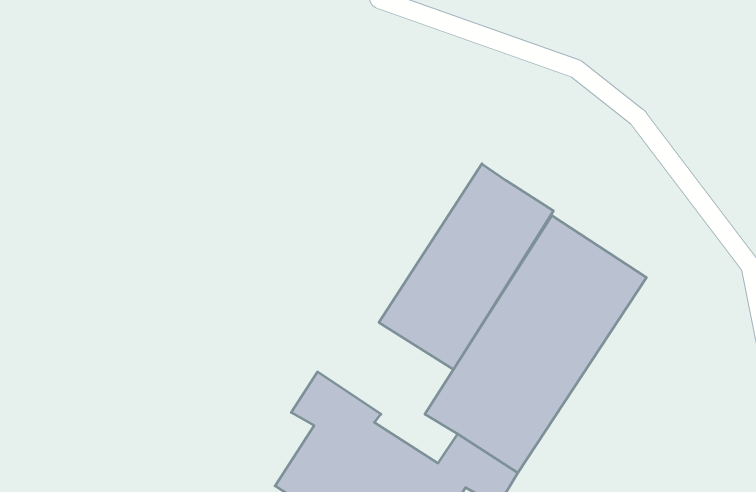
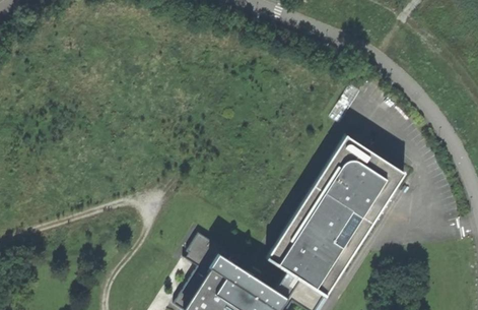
building: [379,164,553,370] -> none

